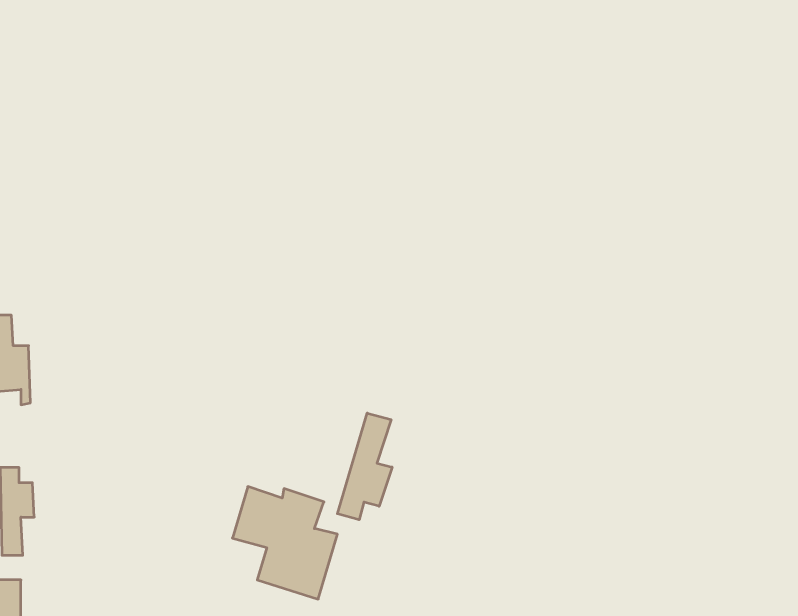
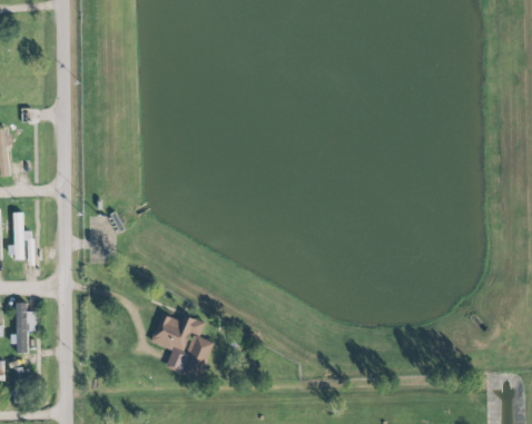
building: [337,413,392,520] -> none

